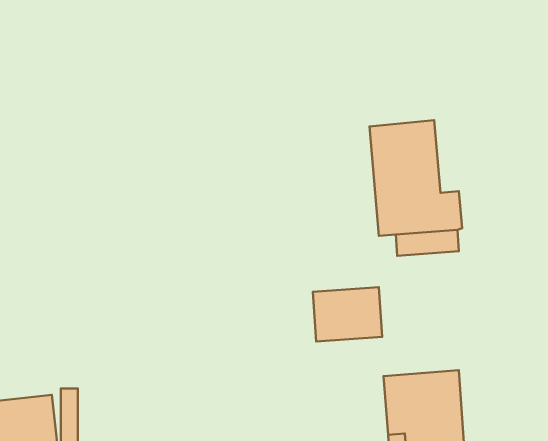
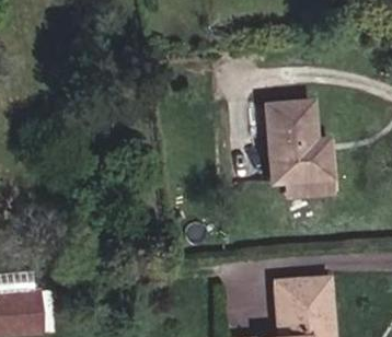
building: [313,287,382,342] -> none

